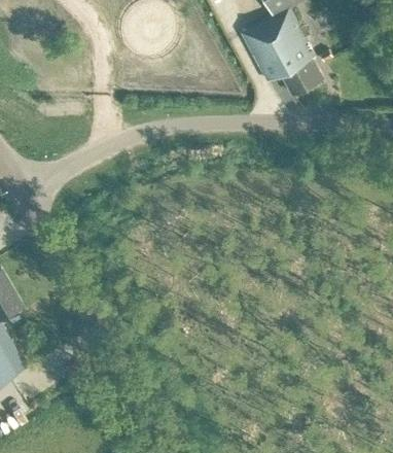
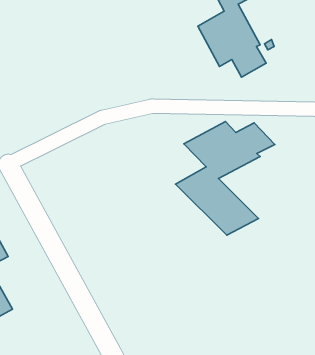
building: none -> [175,121,275,235]

